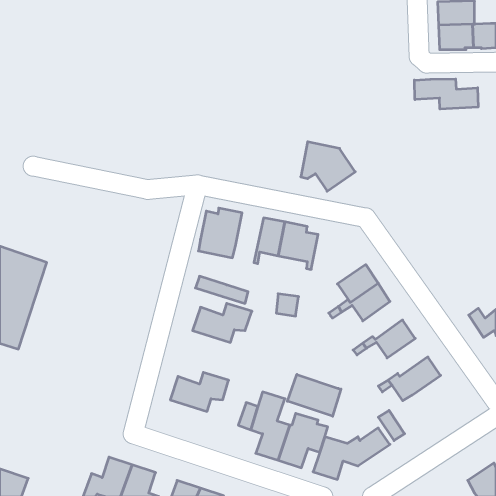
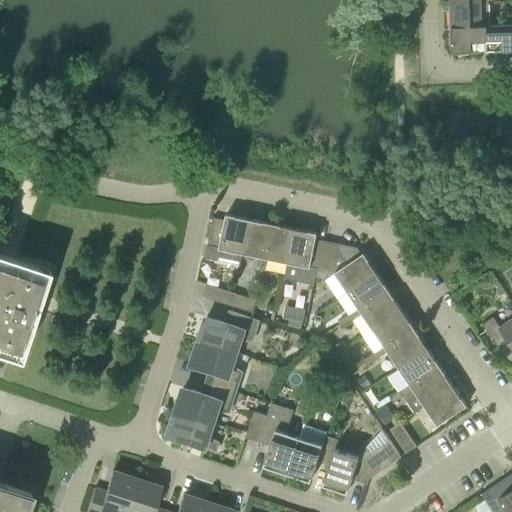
building: [414,79,478,109] -> none
building: [301,142,355,191] -> [320,242,376,293]
building: none -> [242,220,271,271]
building: none -> [373,311,414,350]
building: none -> [190,341,242,392]
building: none -> [398,349,440,388]
building: [287,374,341,416] -> none
building: none -> [424,387,466,426]
building: none -> [167,412,218,451]

